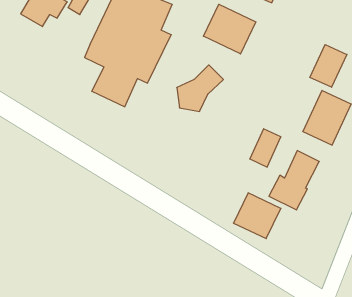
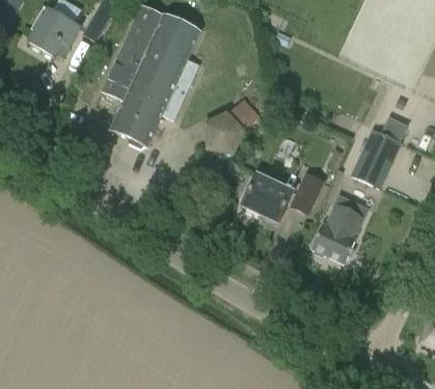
building: [203,4,256,54] -> none
building: [310,45,347,87] -> none
building: [233,193,281,239] -> [240,171,294,223]

